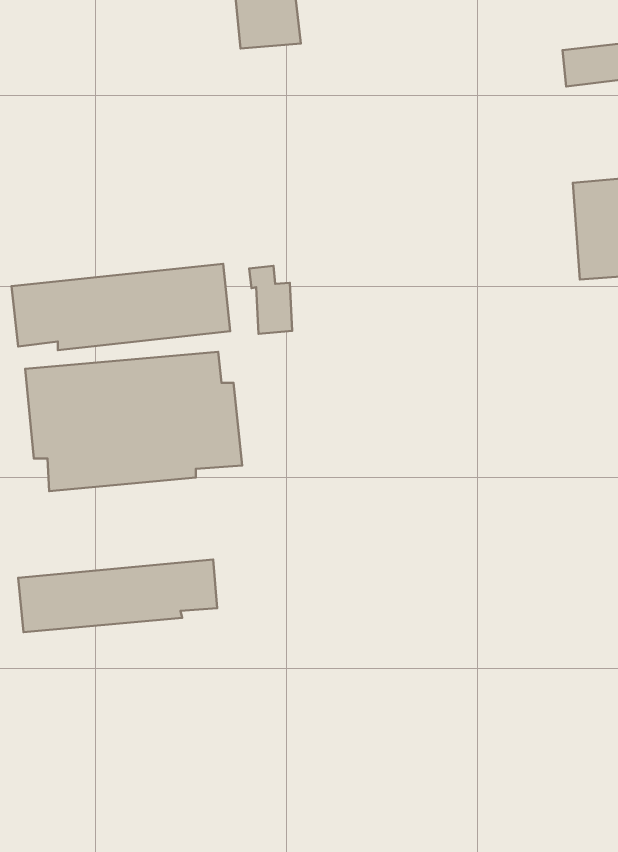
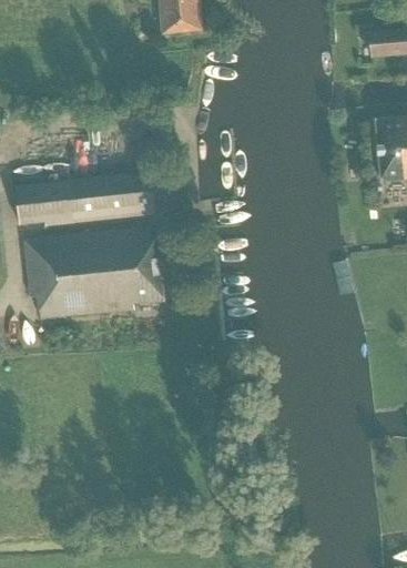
building: [249,266,292,334] -> none
building: [18,560,217,632] -> none

